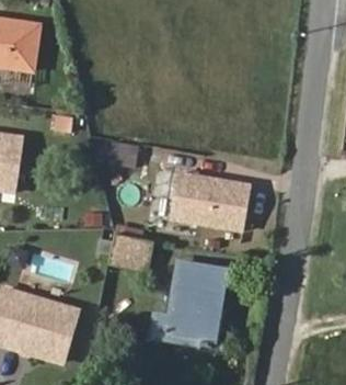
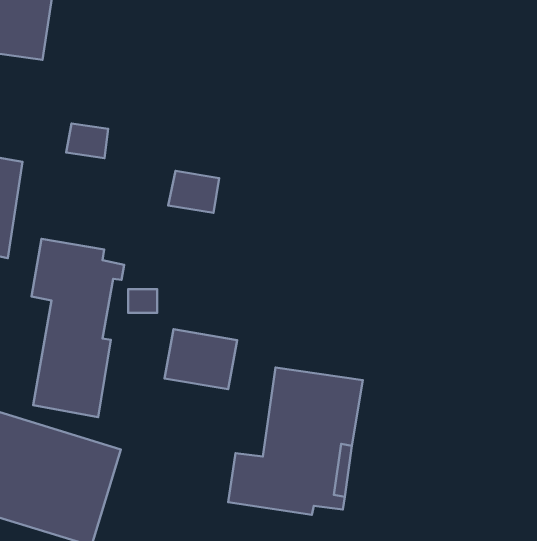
building: [171,171,251,234] -> none
building: none -> [31,239,124,417]

